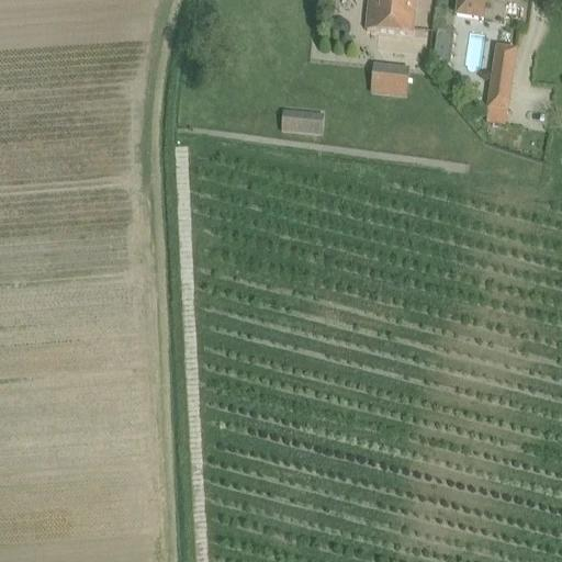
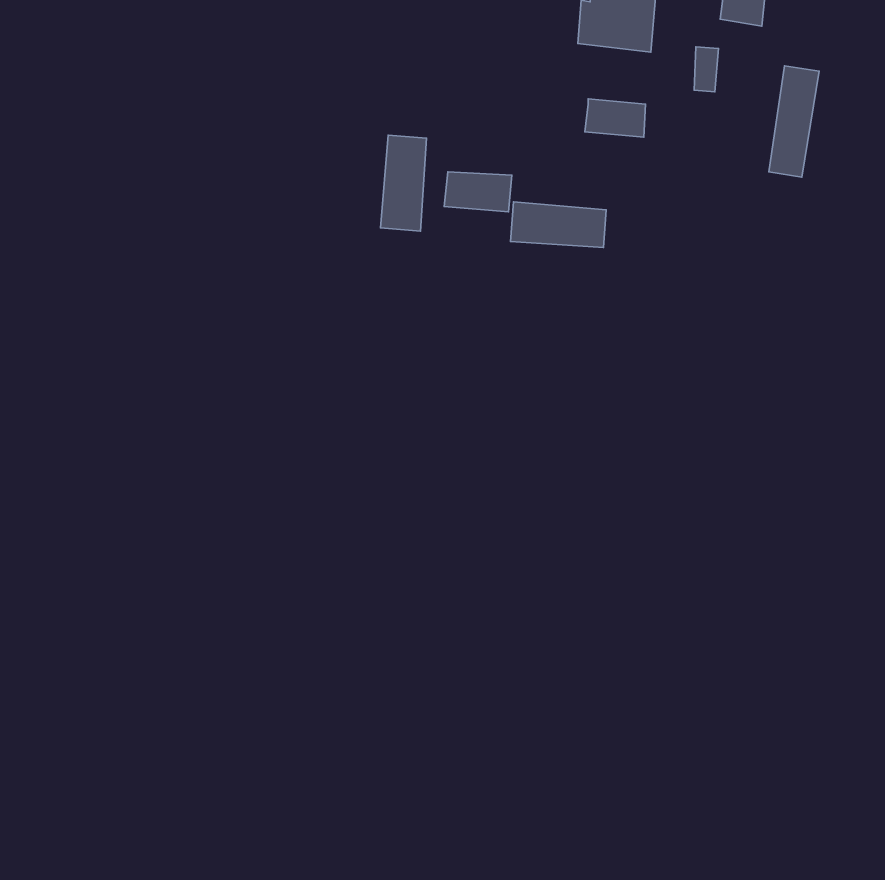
building: none -> [380,135,427,231]
building: none -> [510,202,606,247]

